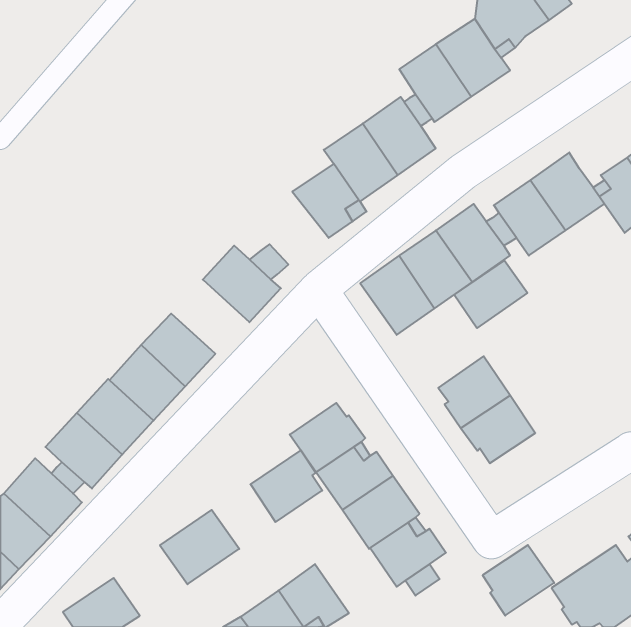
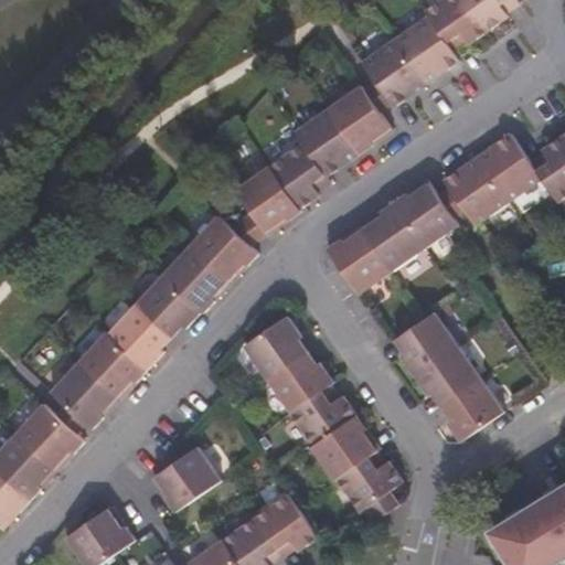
building: none -> [241,168,300,231]
building: [454,261,527,328] -> none
building: none -> [161,245,230,312]
building: [250,450,322,522] -> [243,318,306,381]
building: [483,545,554,616] -> [440,380,503,441]

